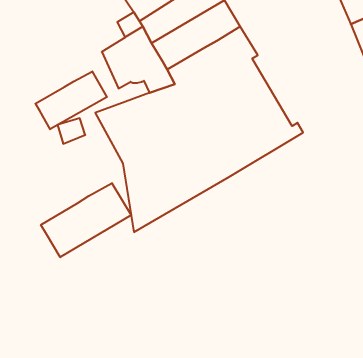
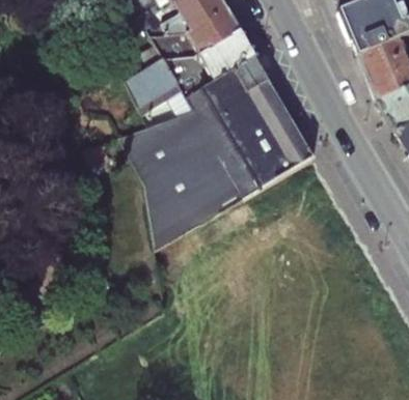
building: [35,71,107,129] -> none
building: [41,183,131,257] -> none

